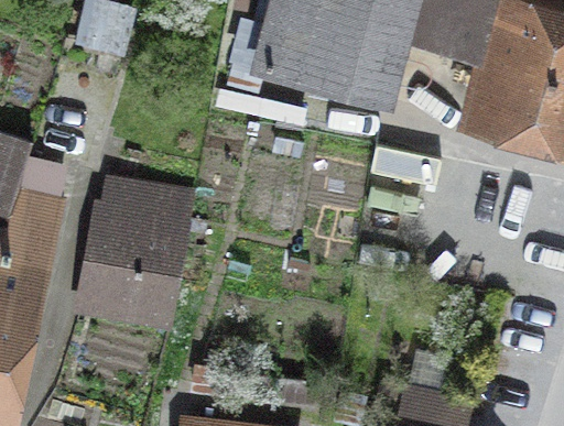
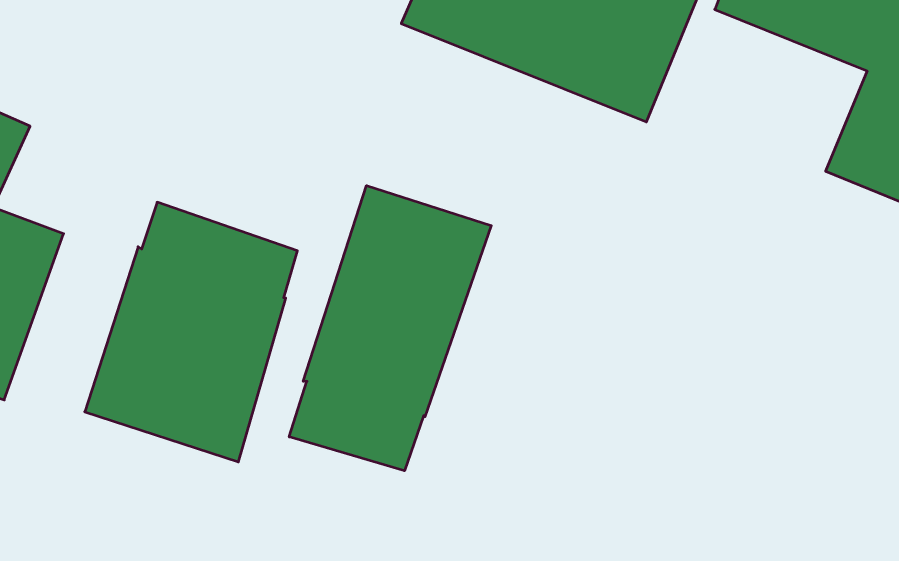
building: none -> [289,186,491,471]

